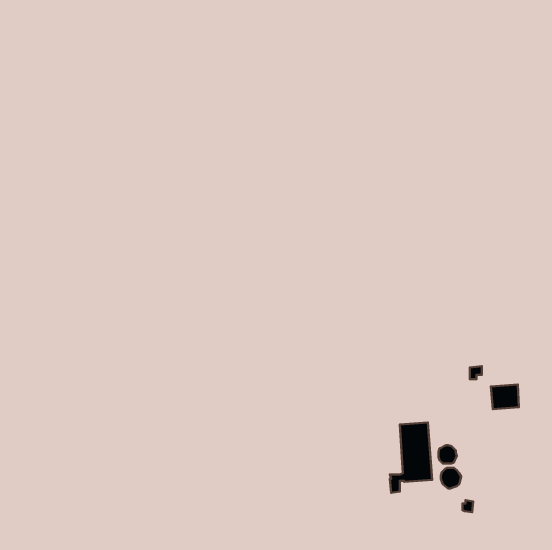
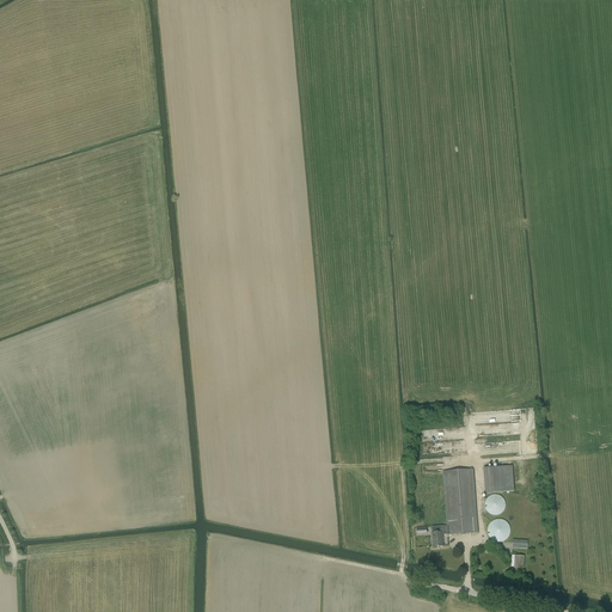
building: [491,384,519,409] -> [483,464,514,491]

